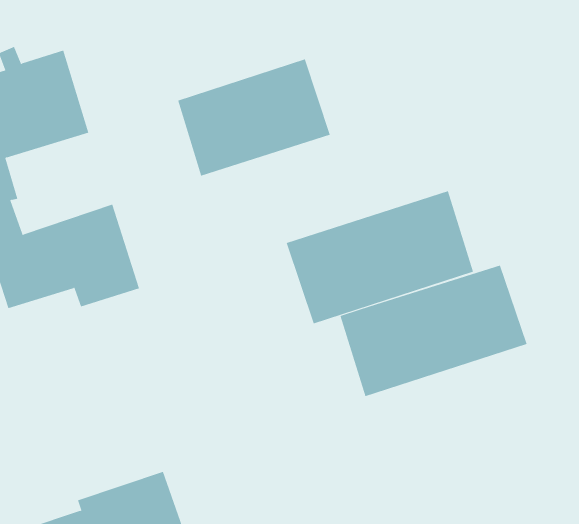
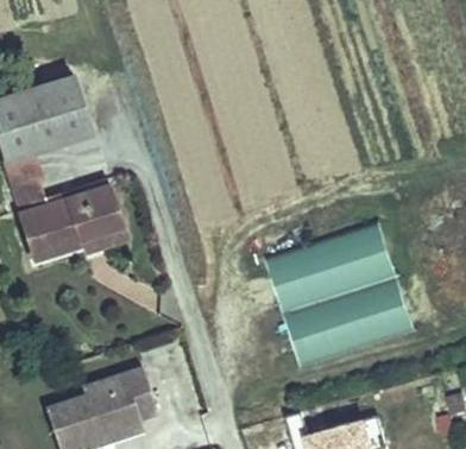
building: [178,58,330,177] -> none
building: [286,190,474,324] -> [284,279,416,373]

